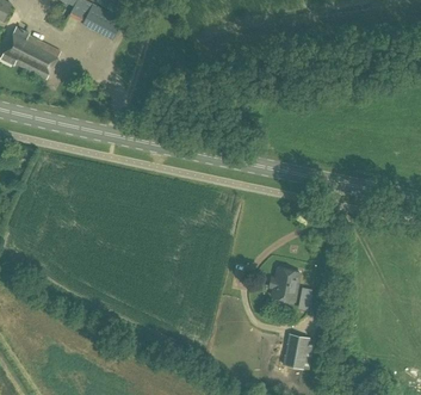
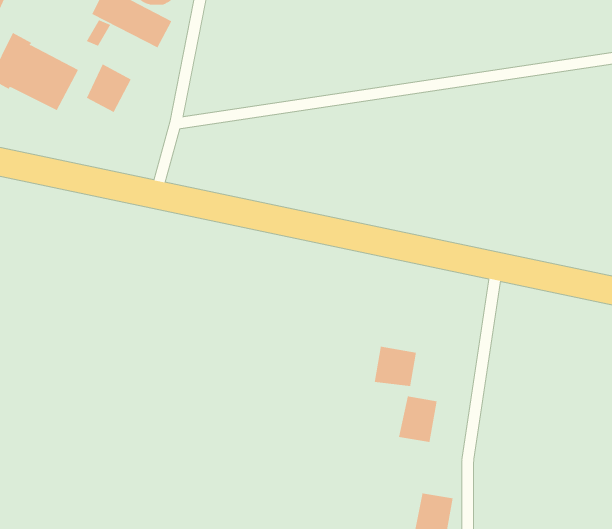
building: none -> [86,63,132,113]
building: none -> [374,346,417,387]

